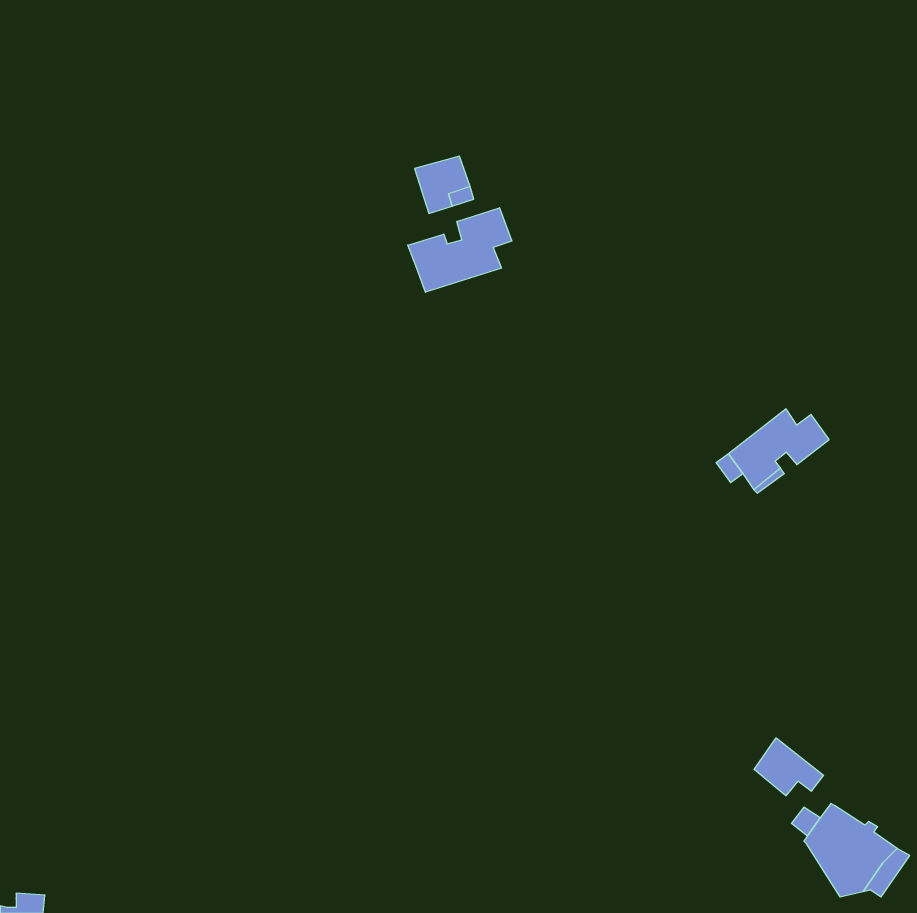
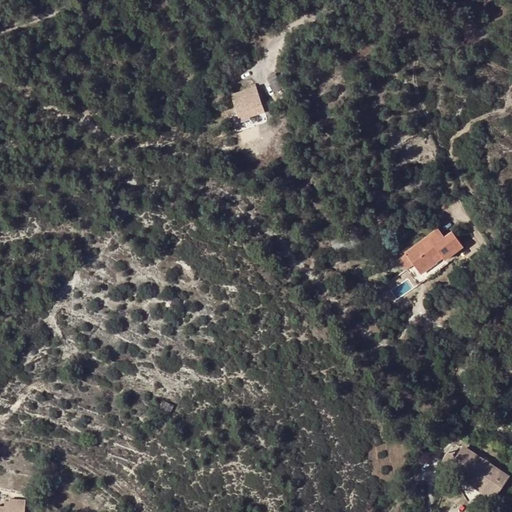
building: [408,208,512,292] -> none
building: [754,738,823,796] -> none

